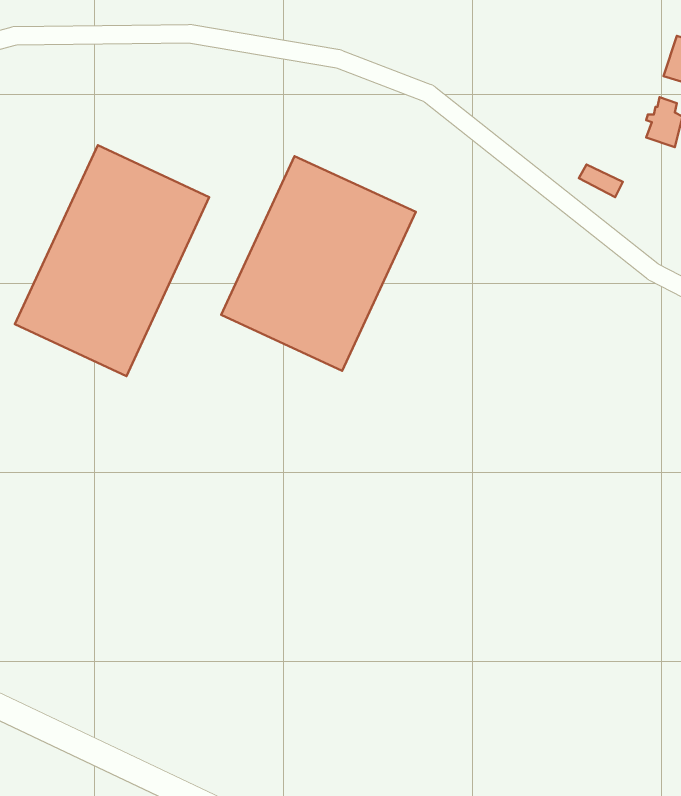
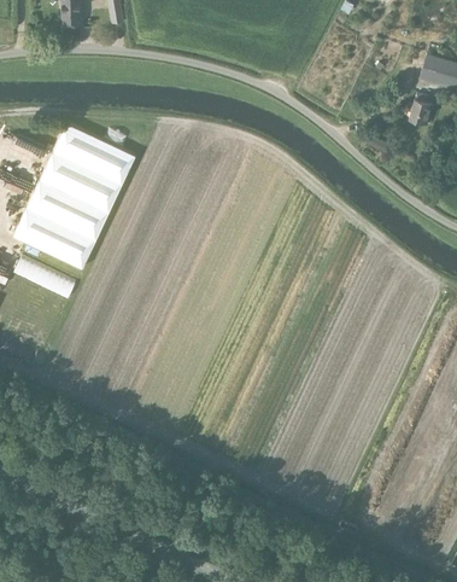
building: [221,156,416,371] -> none

